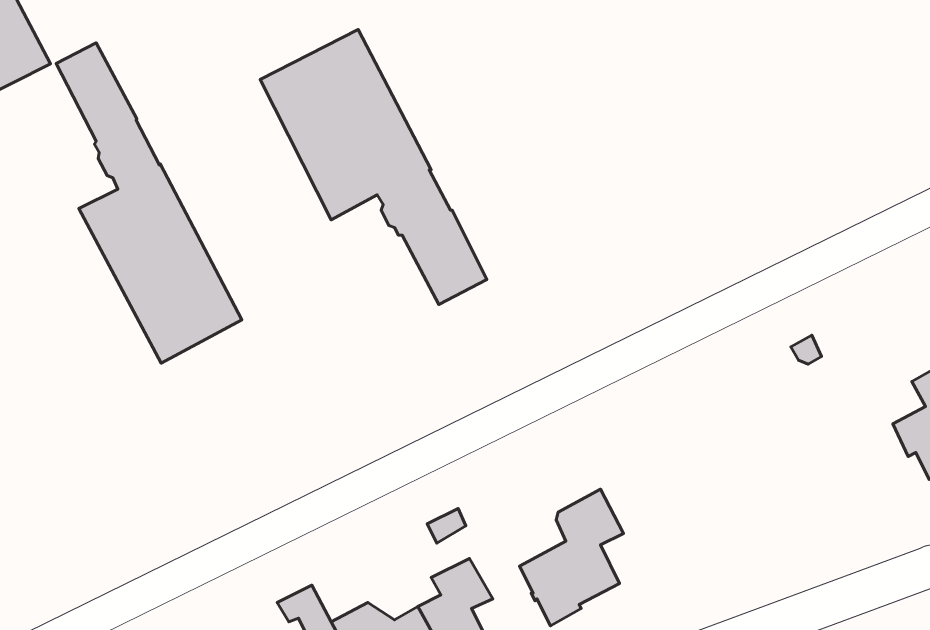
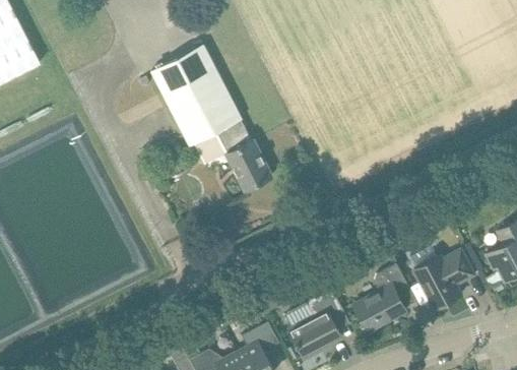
building: [56,43,242,363] -> none
building: none -> [413,250,473,310]
building: none -> [353,264,408,332]

